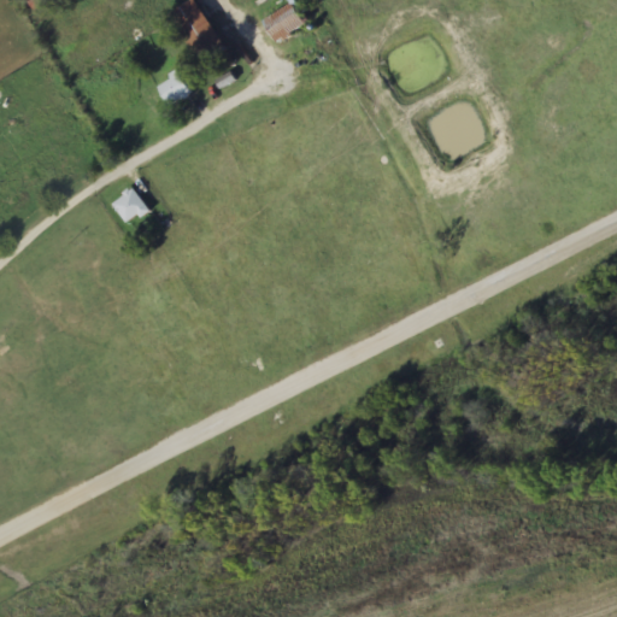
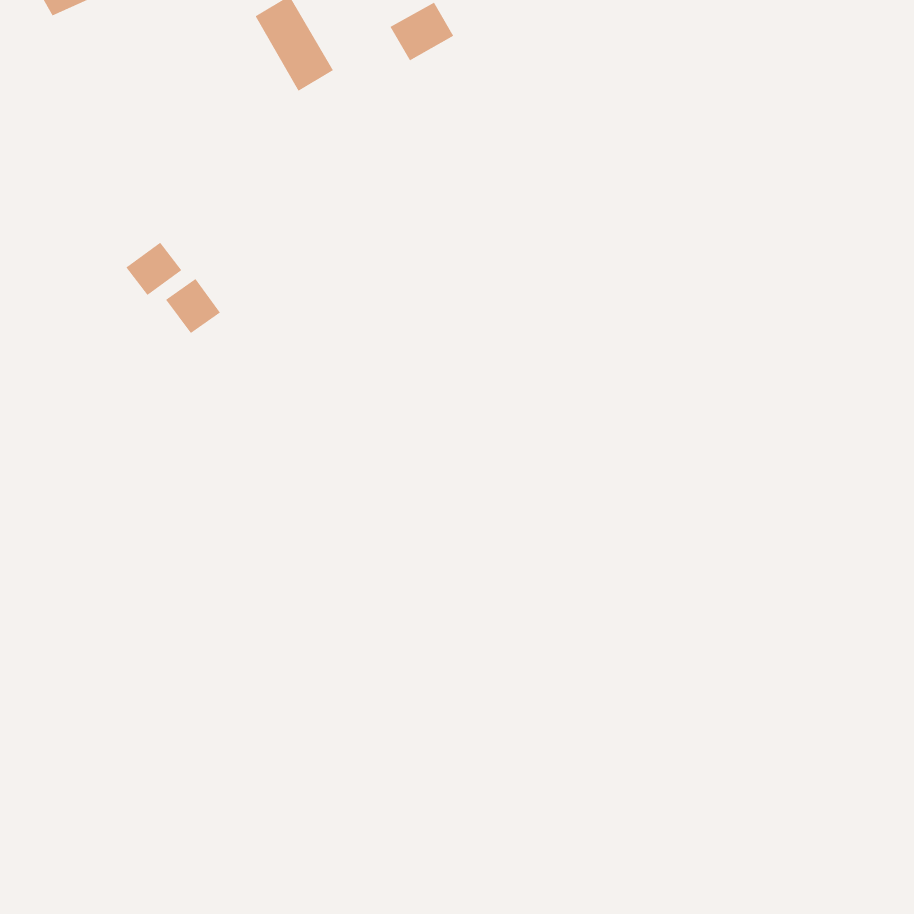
building: [157,71,189,104] -> none
building: none -> [126,242,182,296]

